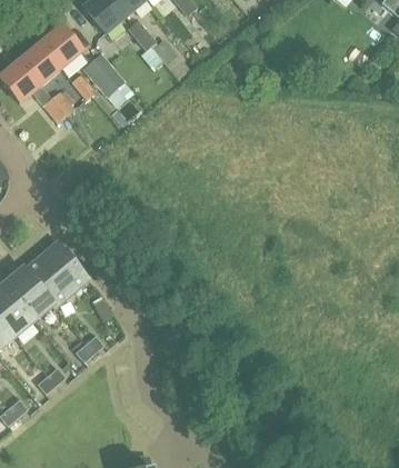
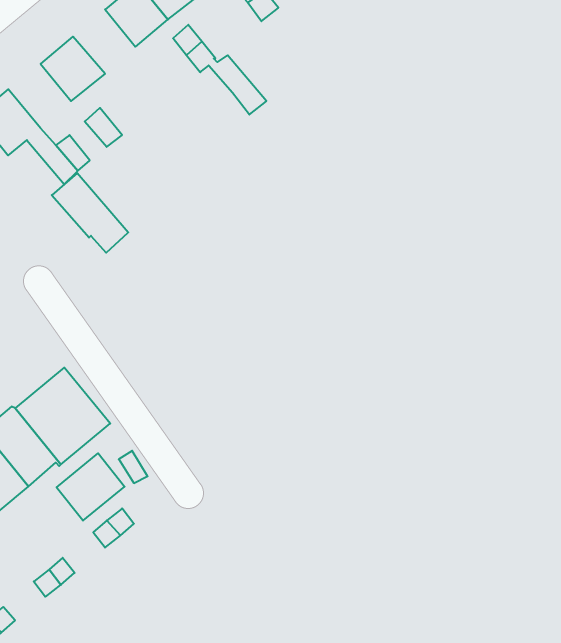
building: [20,43,61,86] -> none
building: [82,53,132,106] -> [52,173,128,253]
building: none -> [57,453,125,521]

